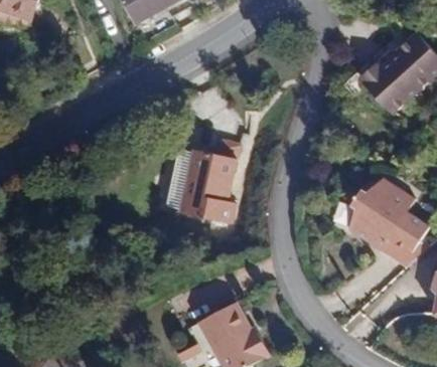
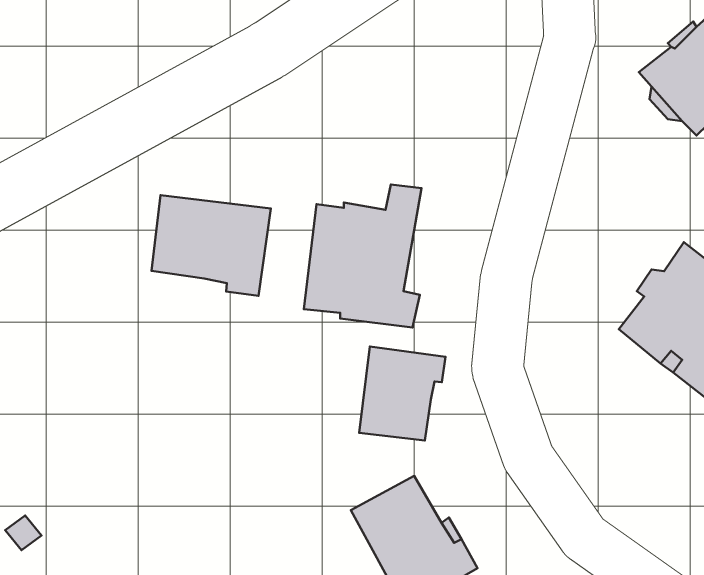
building: none -> [151,195,271,296]
building: none -> [359,346,445,441]

